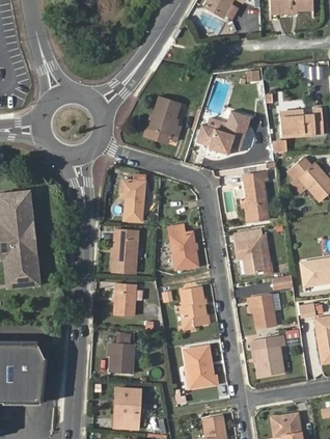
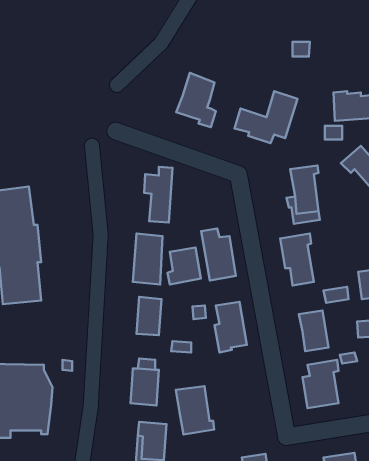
building: none -> [167,248,201,284]
building: [185,347,217,387] -> [176,386,214,435]

